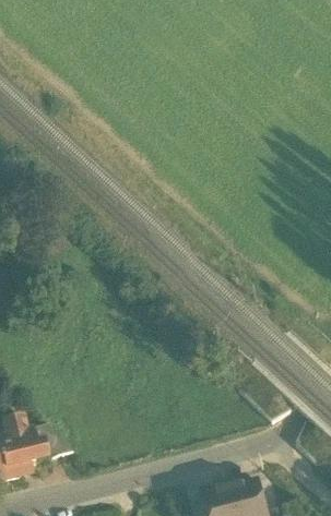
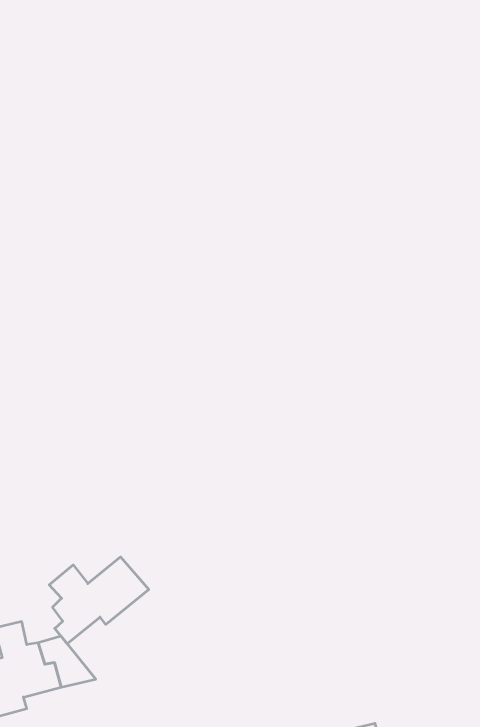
building: none -> [49,557,149,644]

